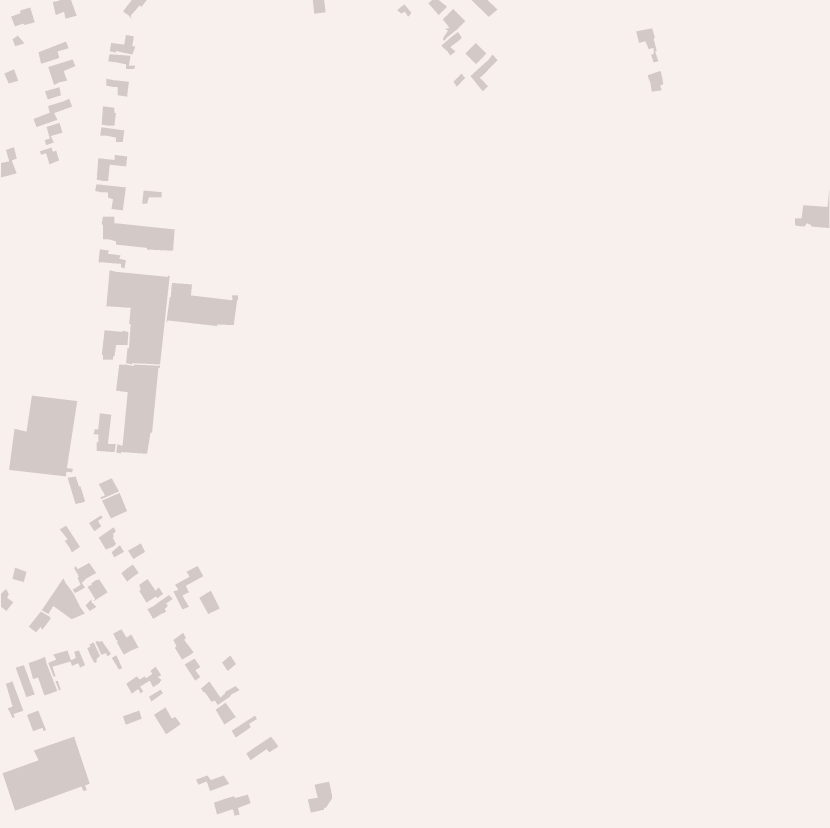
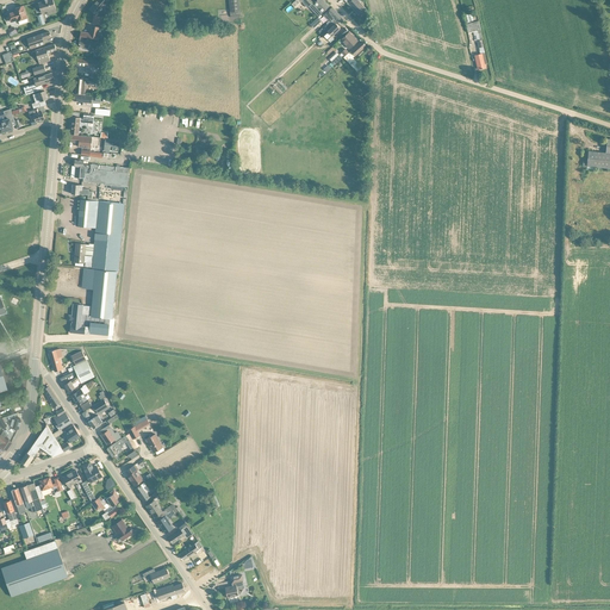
building: [165,282,239,327] -> none
building: [8,395,78,477] -> none

